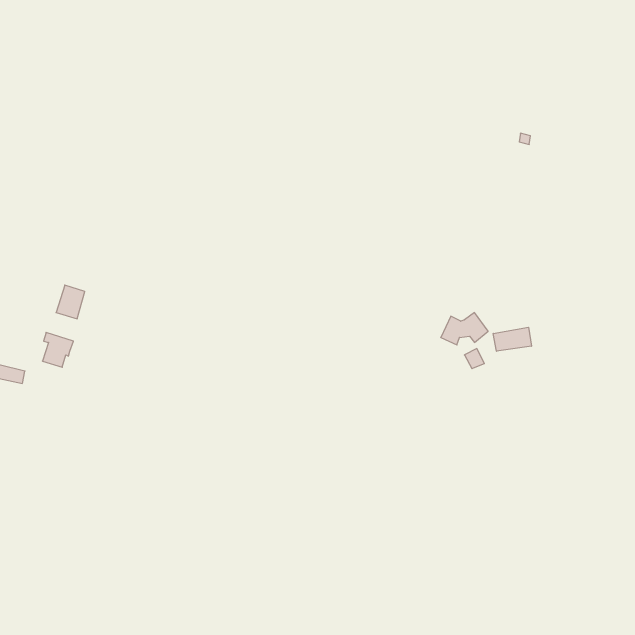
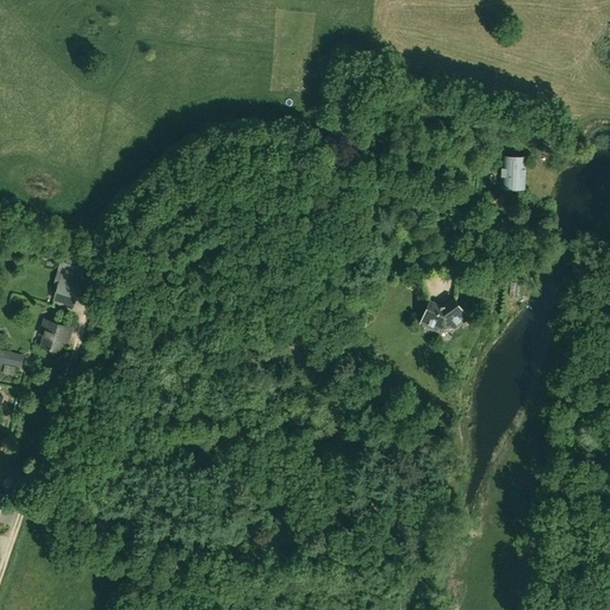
building: none -> [500,156,525,189]
building: [493,327,531,351] -> none

